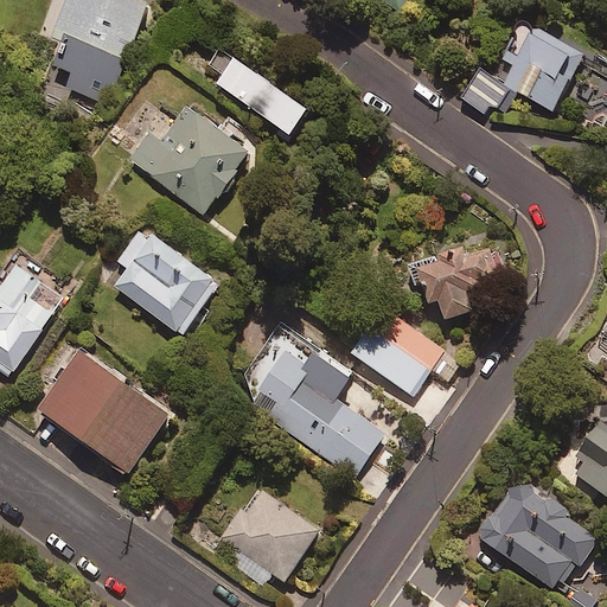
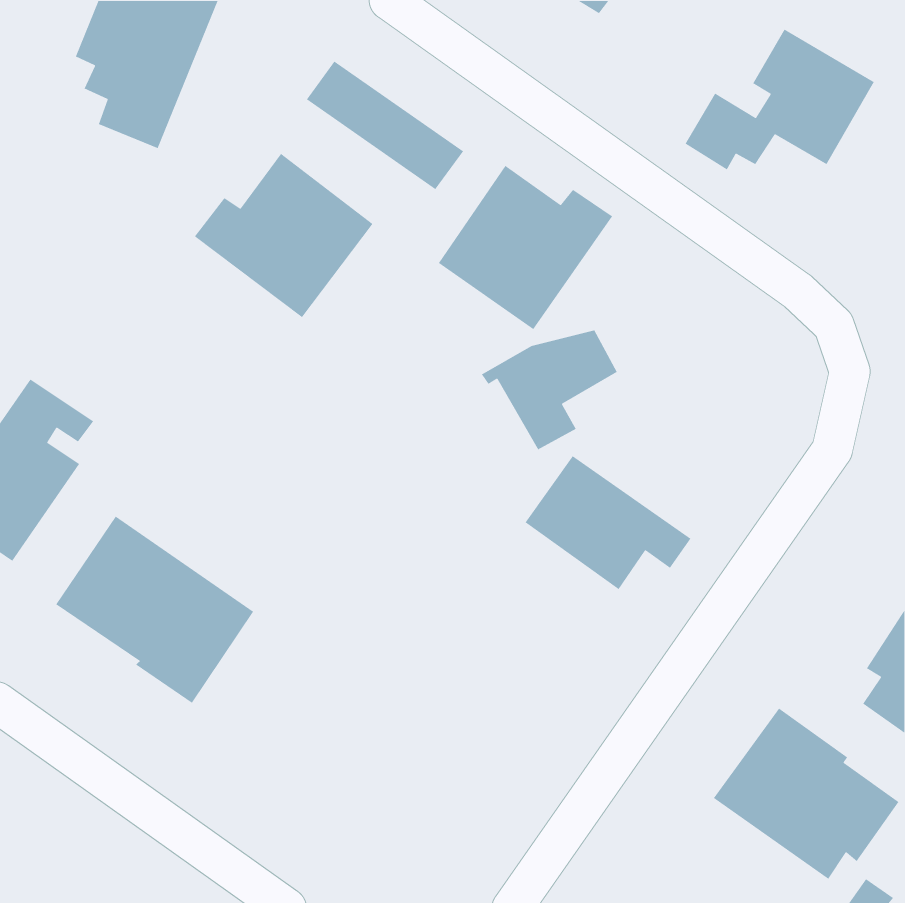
building: none -> [438,165,613,330]
building: [113,228,219,337] -> none
building: [410,239,501,320] -> [481,330,618,450]
building: [239,332,384,480] -> none
building: [222,486,320,587] -> none

